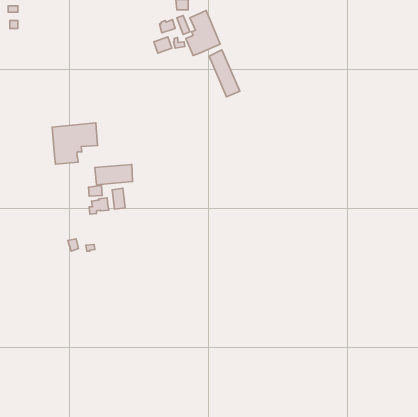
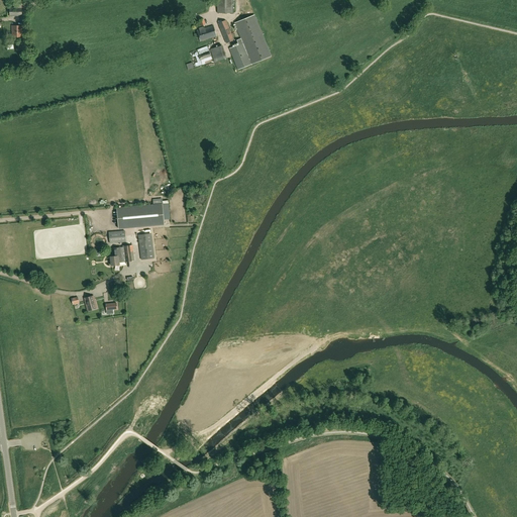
building: [209,50,240,97] -> none
building: [52,123,98,164] -> none

